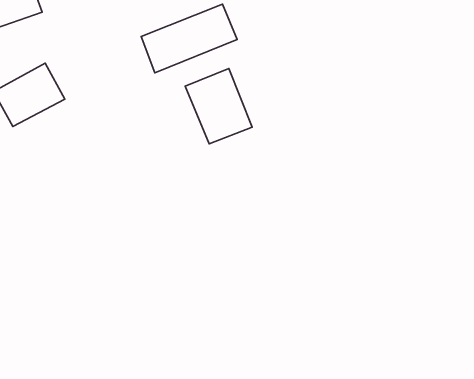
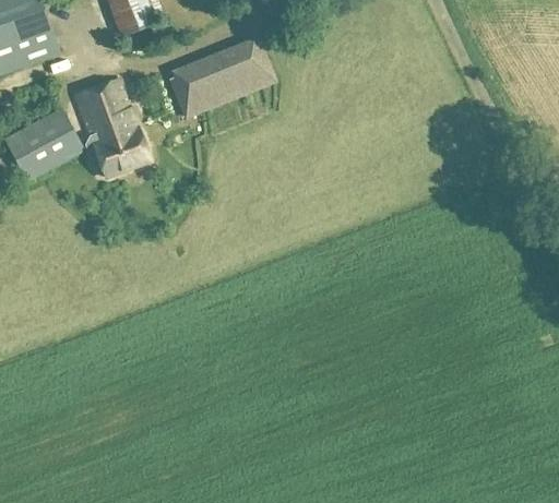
building: none -> [75,77,151,177]
building: [185,69,252,144] -> none

